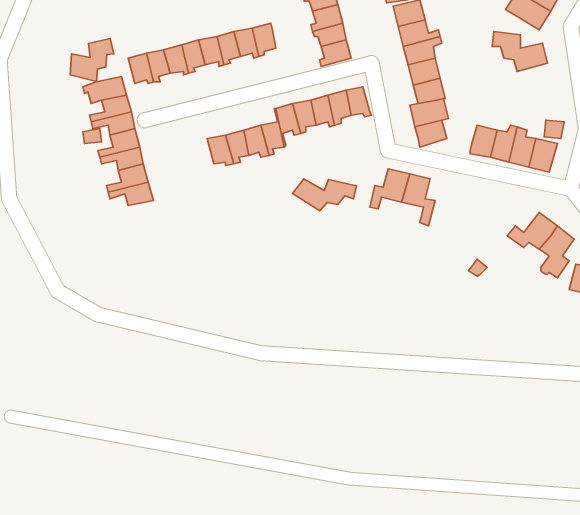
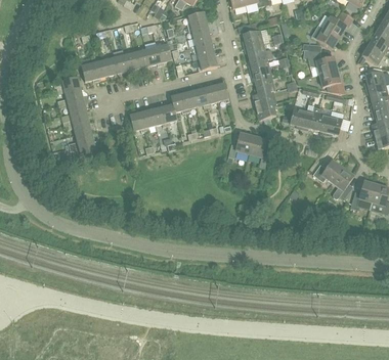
building: [70,38,114,82] -> none
building: none -> [318,68,346,93]
building: [292,179,357,211] -> none

